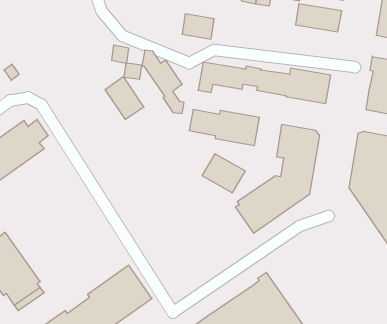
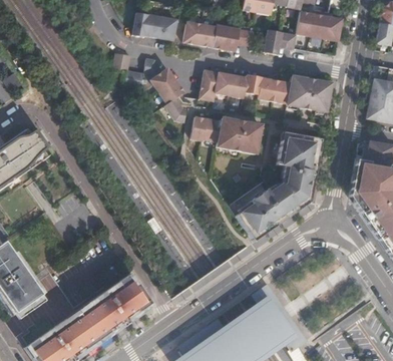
building: none -> [131,12,175,39]
building: none -> [212,24,253,50]
building: none -> [264,28,296,53]
building: [105,77,144,119] -> none
building: [202,154,245,193] -> none

